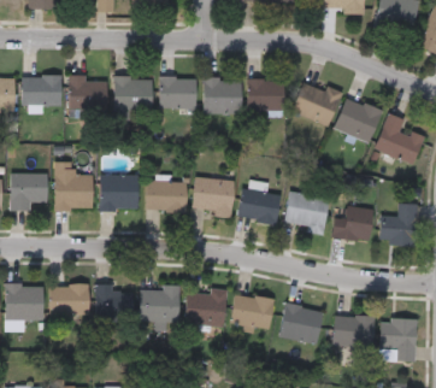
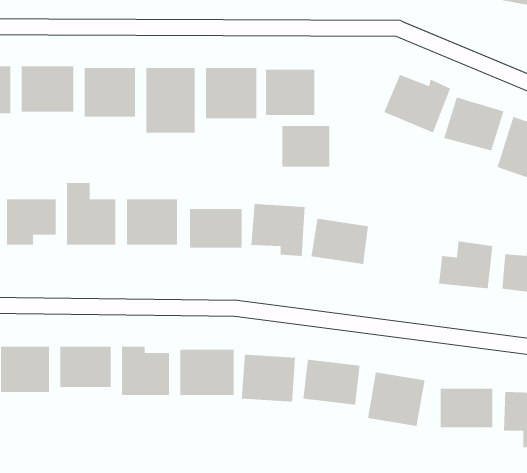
building: [247,80,283,111] -> [281,125,330,167]
building: [285,192,329,235] -> none

